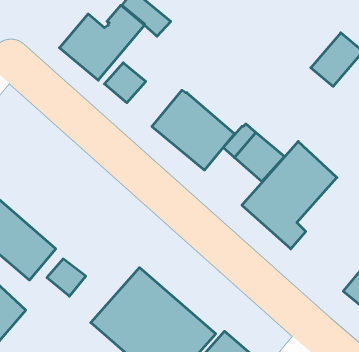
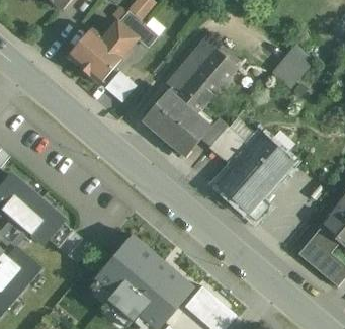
building: none -> [167,38,236,113]

